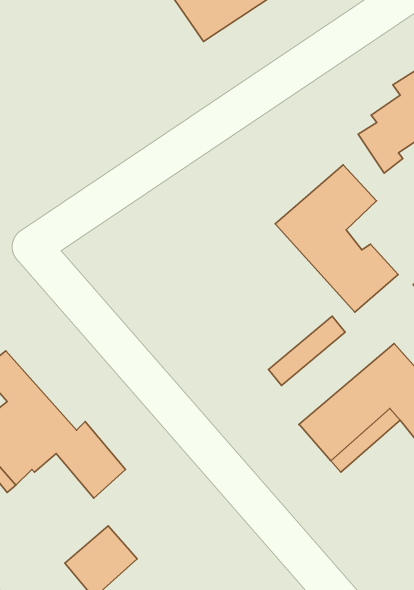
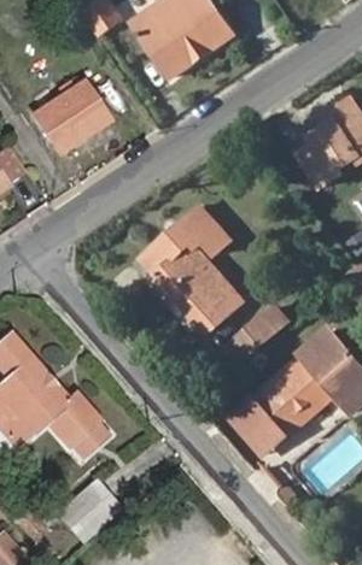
building: none -> [29,80,104,151]
building: [275,165,398,312] -> [141,210,244,332]
building: none -> [230,398,287,455]

